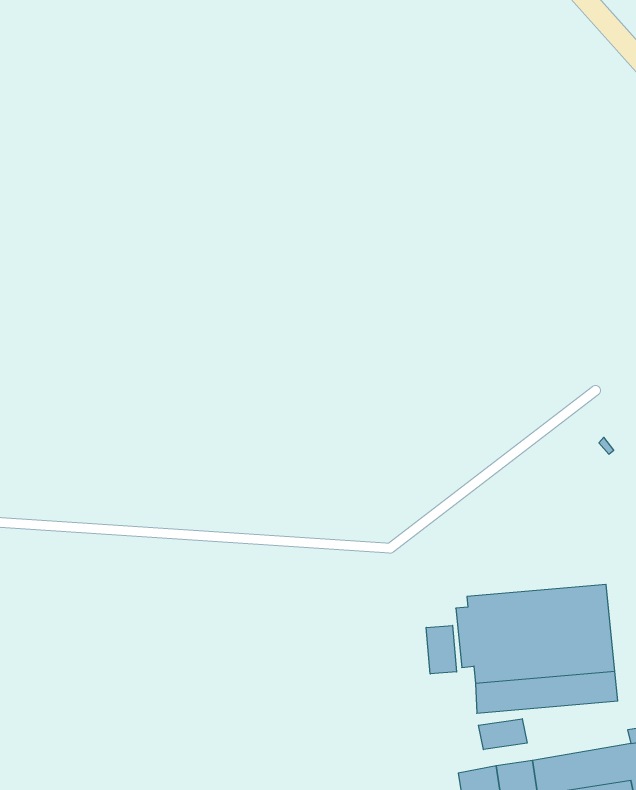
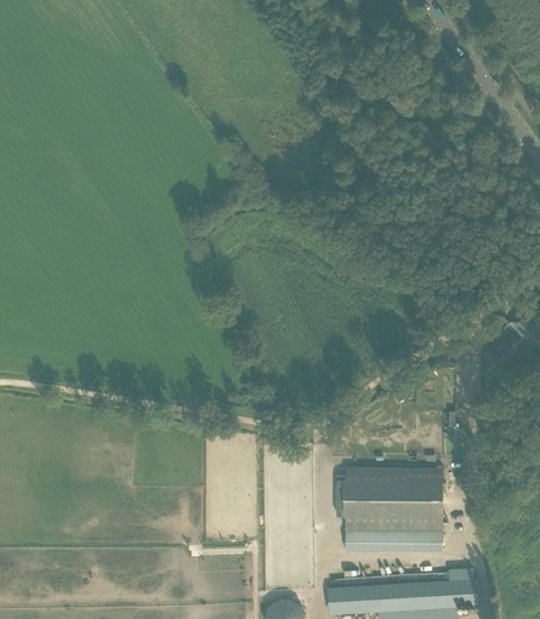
building: [426,625,457,674] -> none
building: [478,719,527,750] -> none

